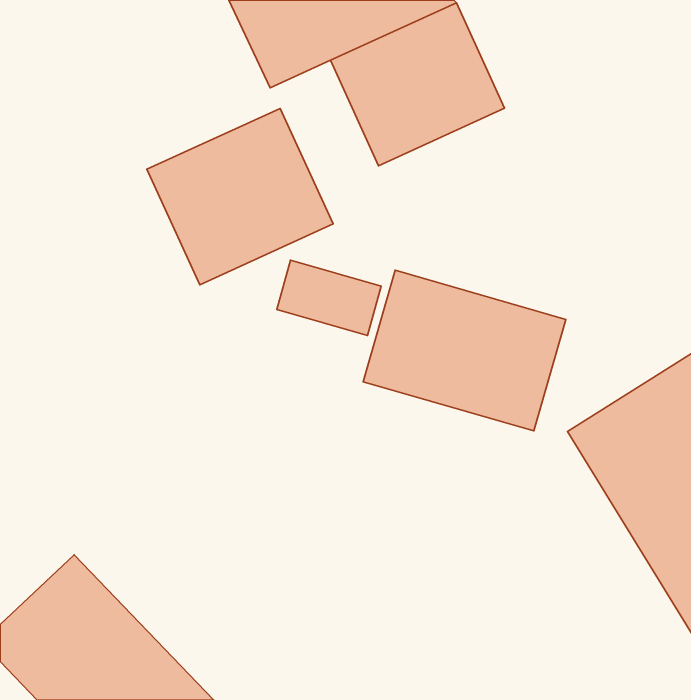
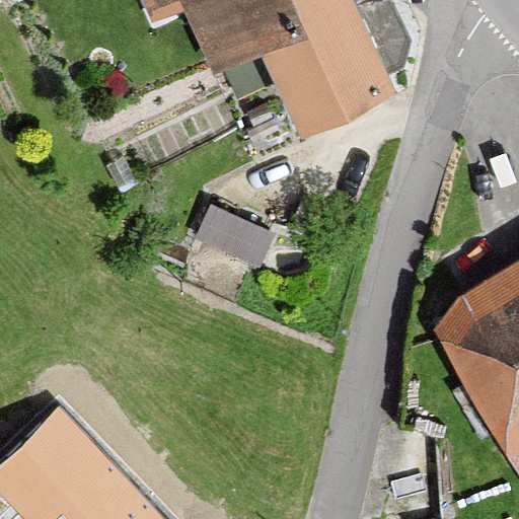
building: [147,108,333,285] -> none
building: [363,270,566,431] -> none

